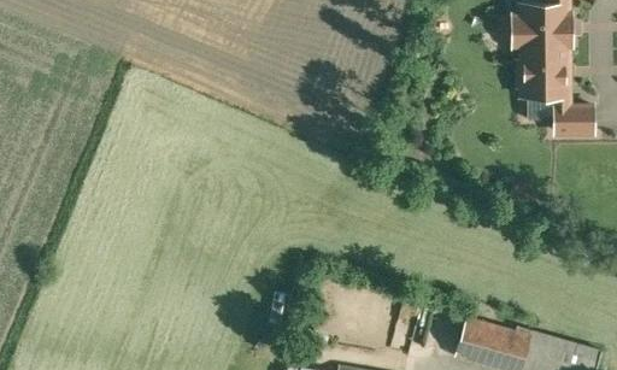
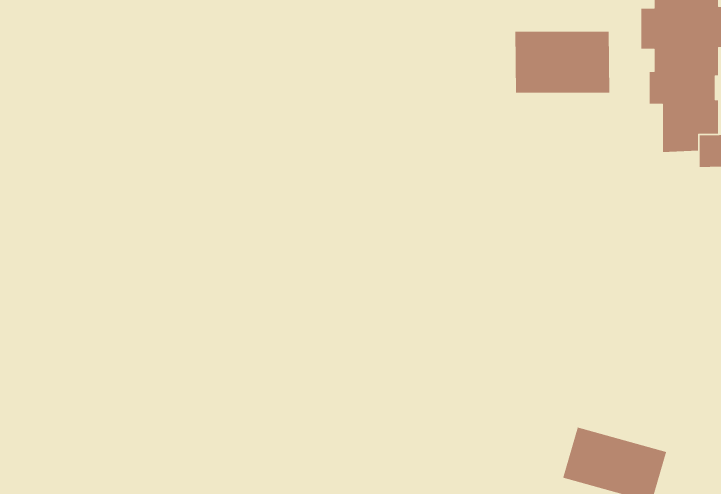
building: none -> [515,31,610,93]

